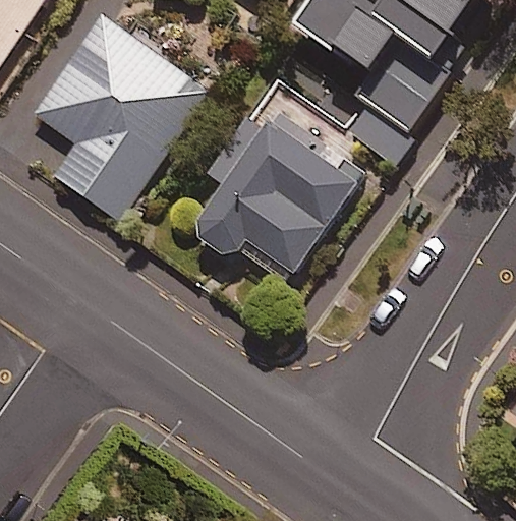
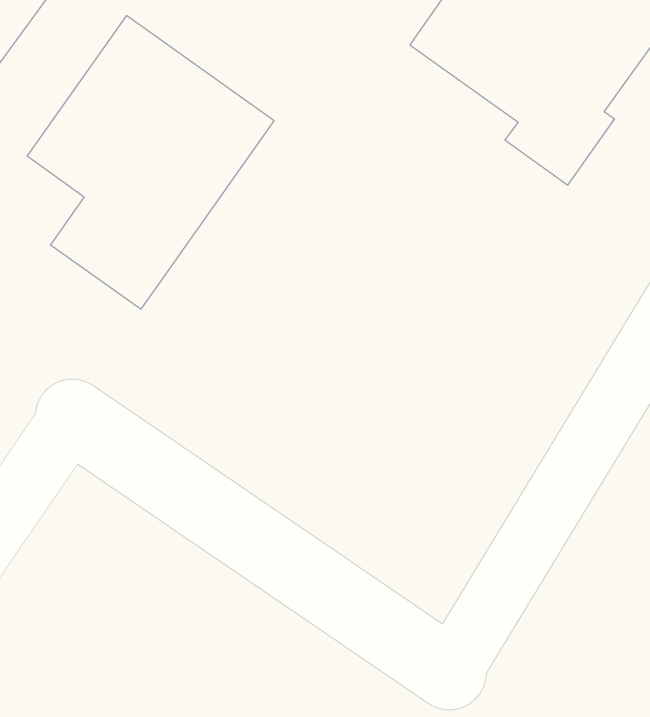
building: [191,111,365,282] -> none

